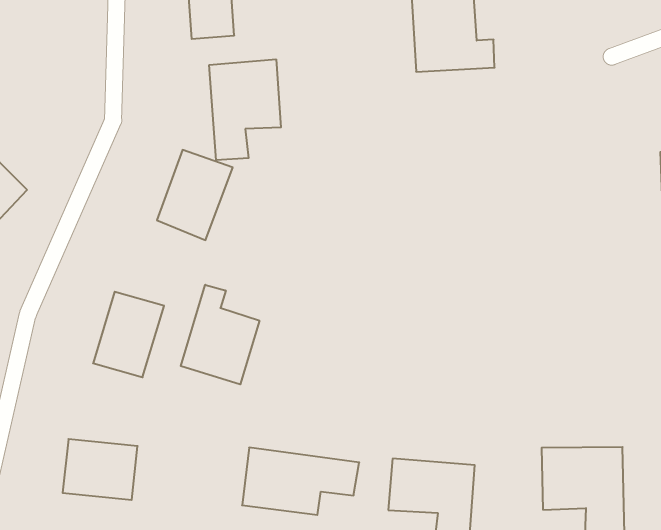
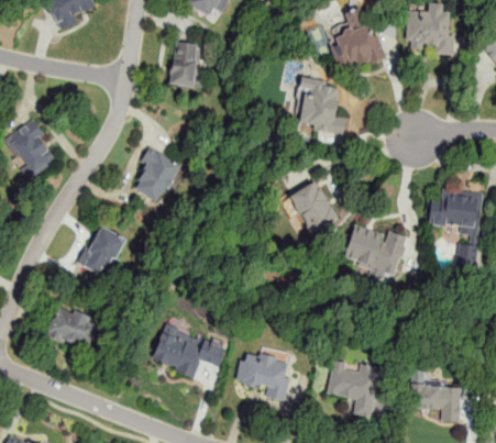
building: [209,59,281,160] -> none
building: none -> [282,167,339,234]
building: none -> [343,220,408,277]
building: [181,285,259,384] -> none

